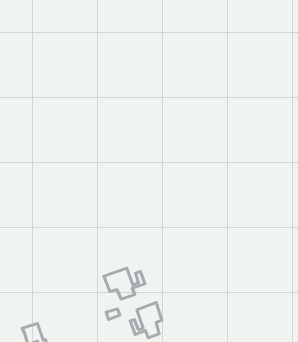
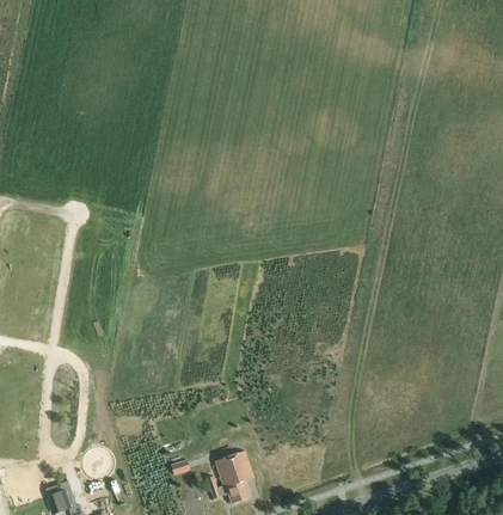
building: [104,268,145,299] -> none

